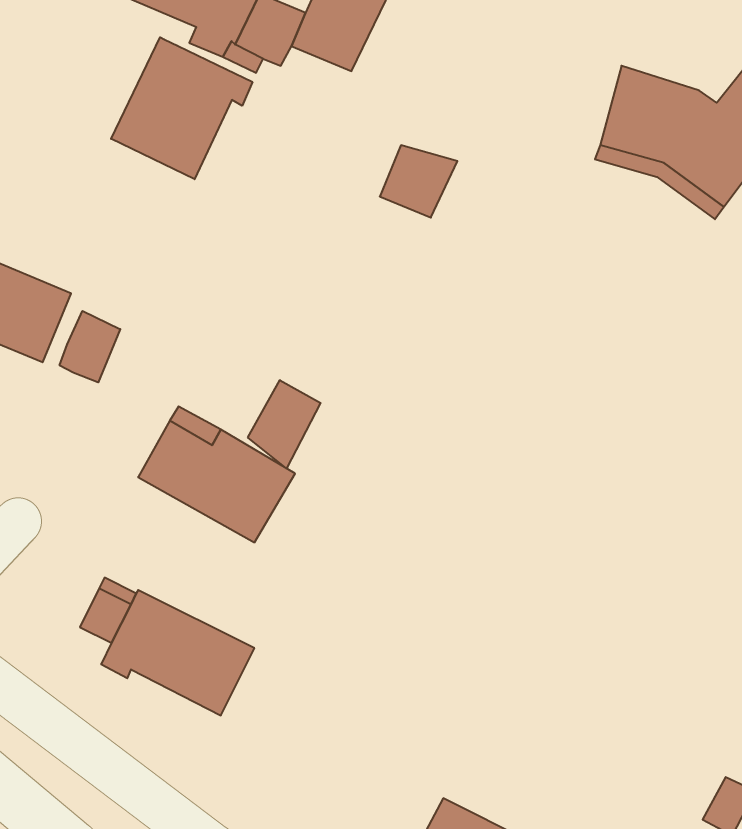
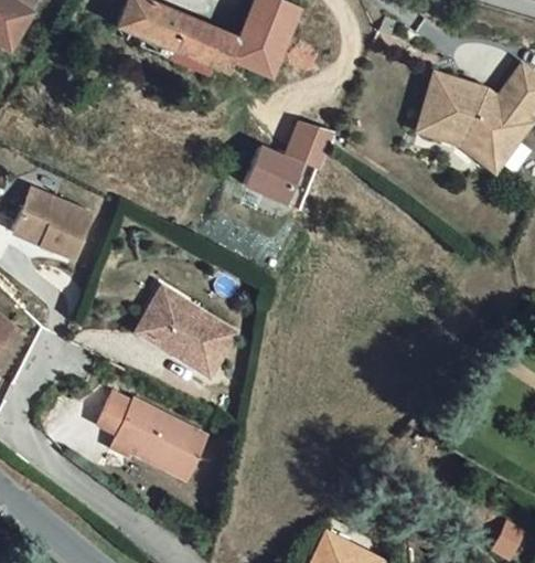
building: [111,37,252,179] -> none
building: none -> [245,149,301,203]
building: [60,311,120,382] -> none
building: [248,380,321,468] -> none

